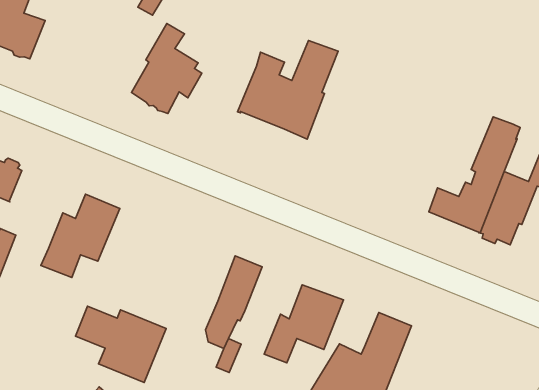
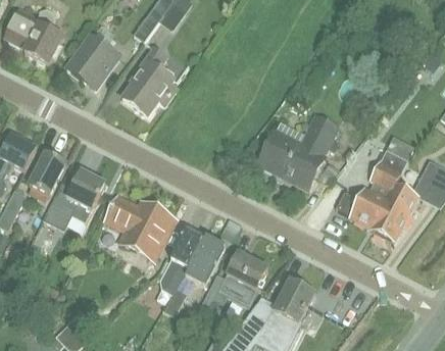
building: none -> [66,35,119,89]
building: [238,41,338,139] -> [258,115,338,189]
building: none -> [29,152,65,195]
building: none -> [187,237,224,285]
building: [75,306,166,383] -> [106,197,175,258]

